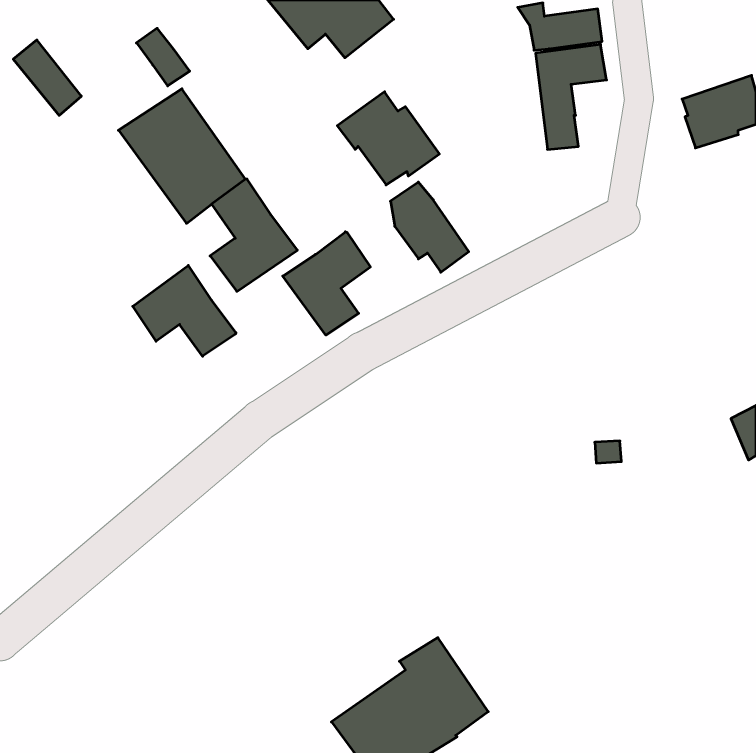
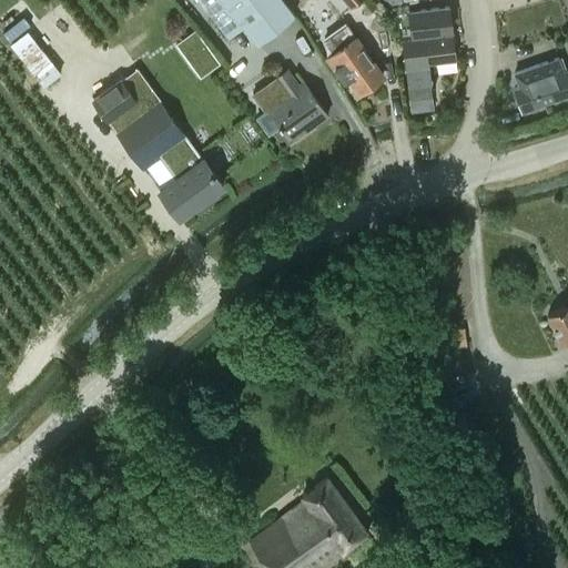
building: [136,28,190,86] -> [179,33,219,77]
building: [390,182,469,272] -> [323,26,382,93]
building: [283,232,370,335] -> none
building: [133,265,236,356] -> none

